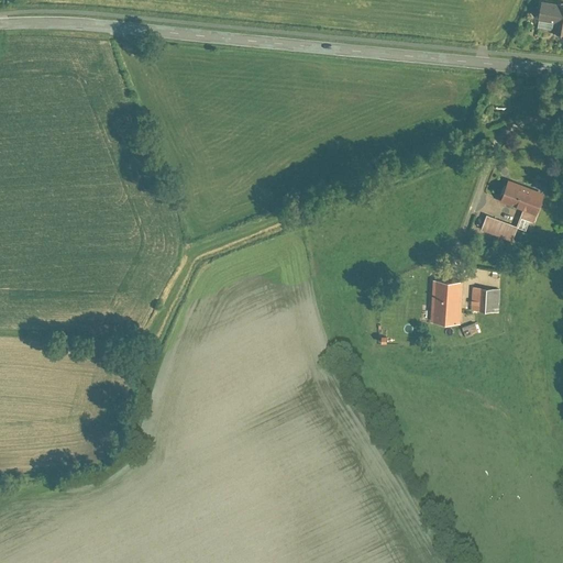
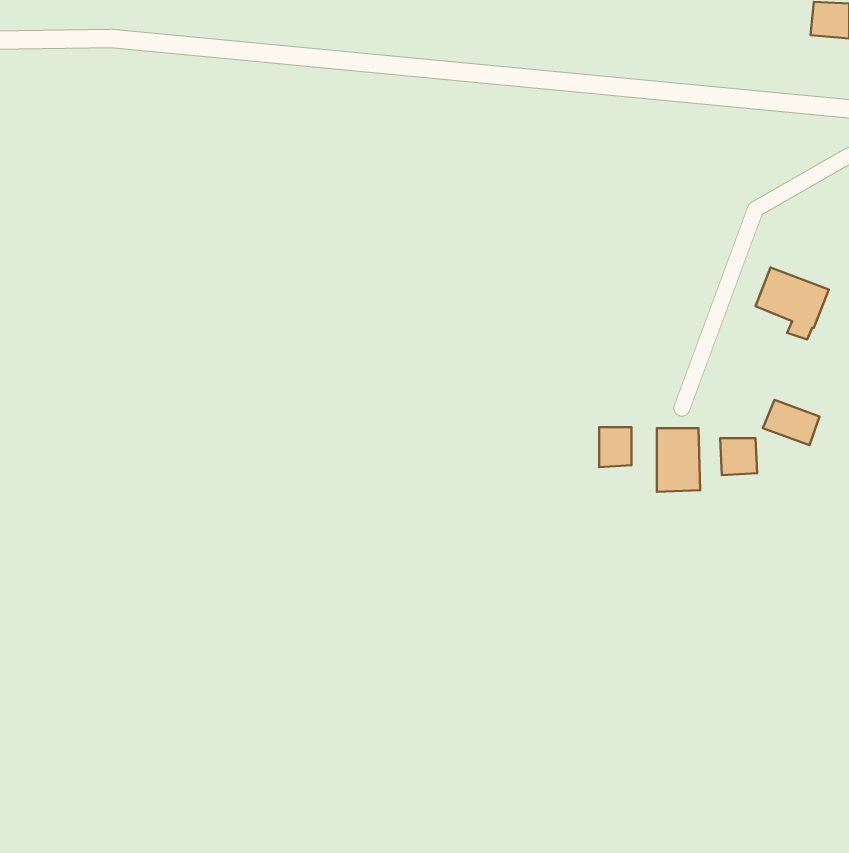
building: [481,216,518,245] -> [763,400,820,445]
building: none -> [599,427,632,467]

